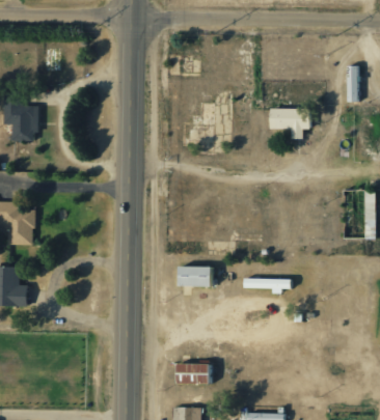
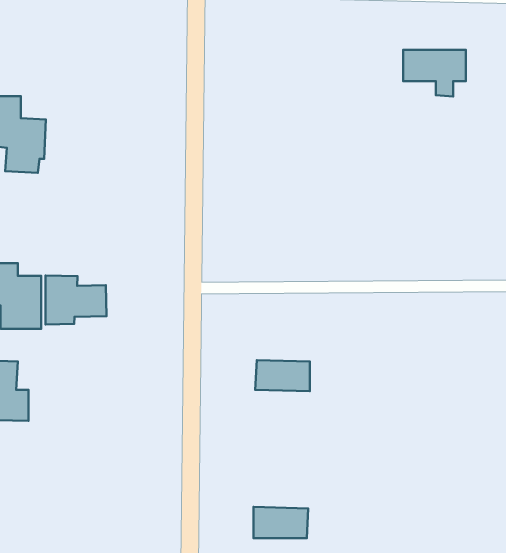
building: [270,108,311,139] -> [403,50,466,97]
building: none -> [46,276,106,325]
building: [244,278,293,293] -> none

